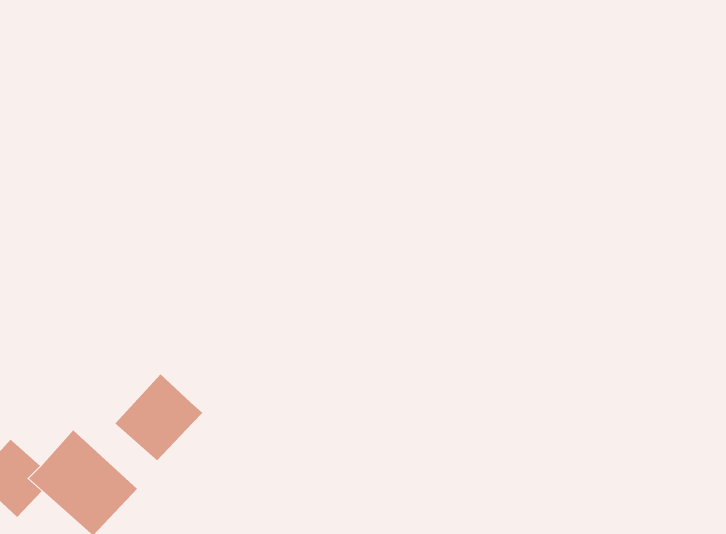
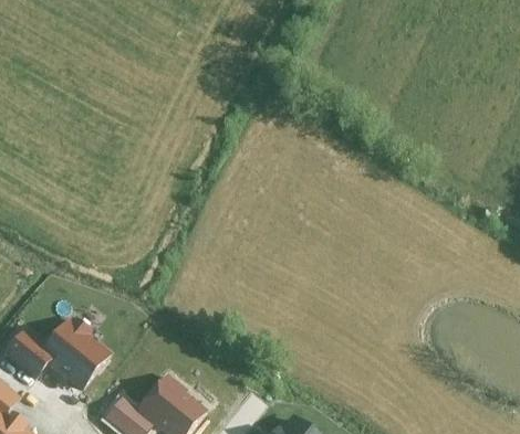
building: [115,374,203,461] -> none

